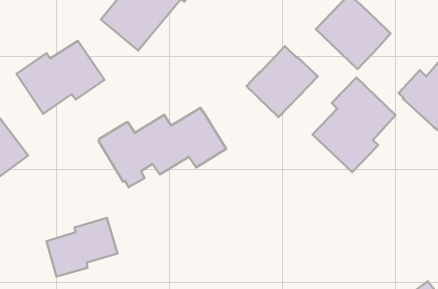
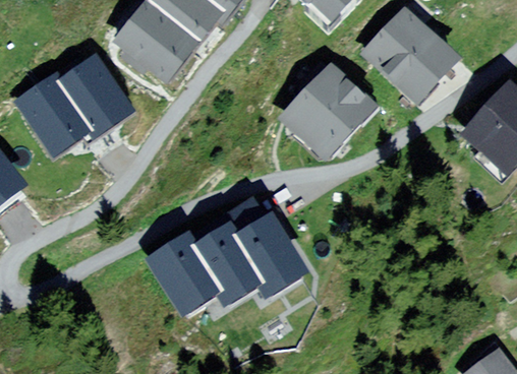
building: [312,78,395,172] -> none
building: [98,108,226,187] -> [153,223,299,313]
building: [47,218,118,276] -> none

